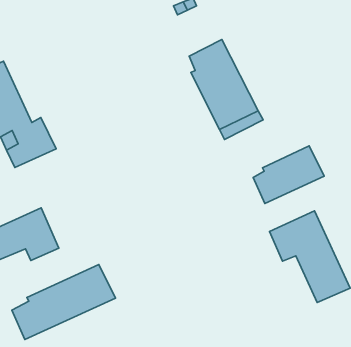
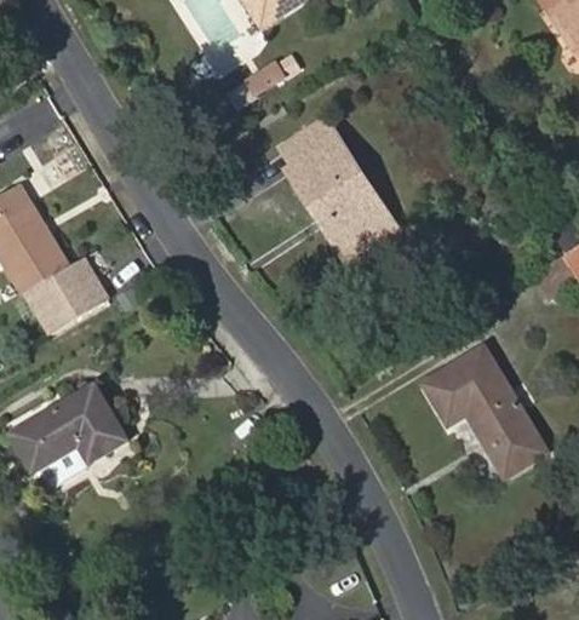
building: [253,146,324,203] -> none
building: [12,264,116,339] -> none

